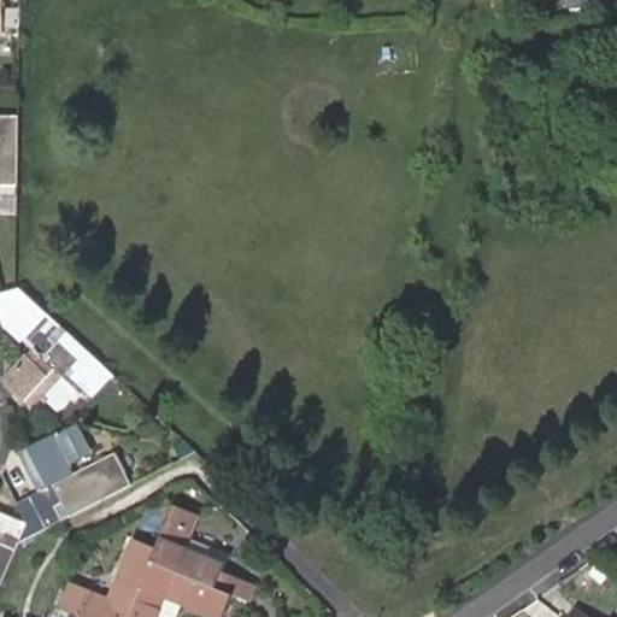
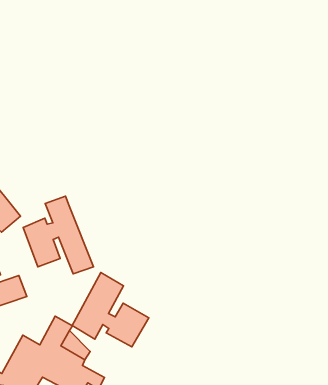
building: none -> [23,196,93,274]
building: none -> [72,272,149,347]

